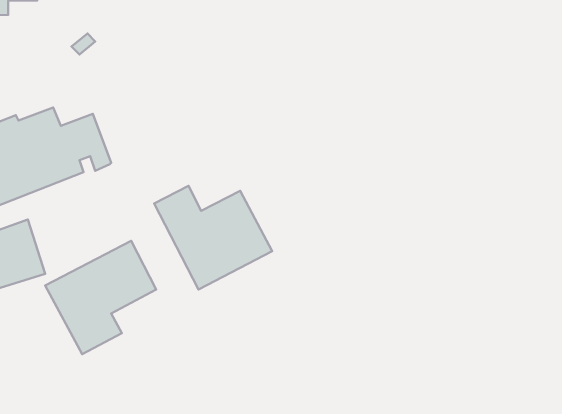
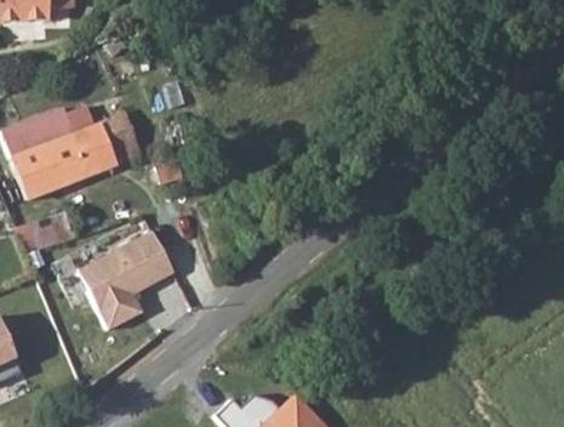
building: [154,186,272,290] -> none

